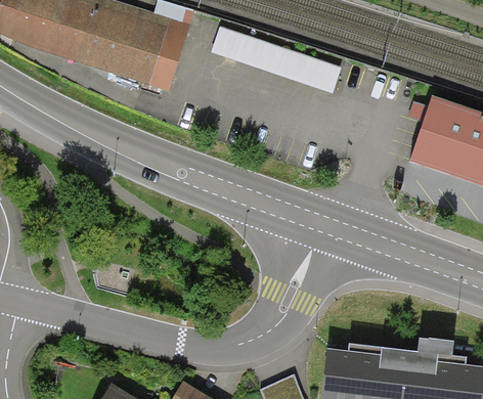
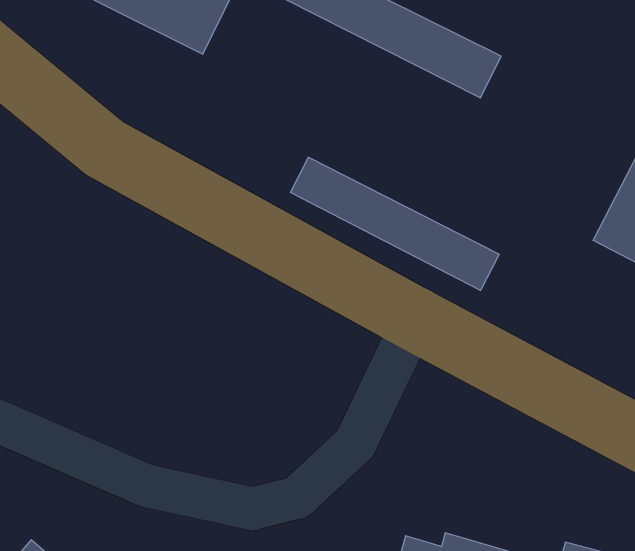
building: none -> [291,157,499,291]

